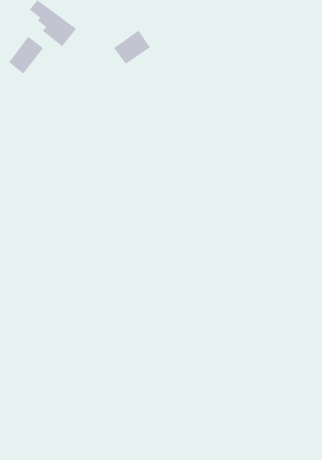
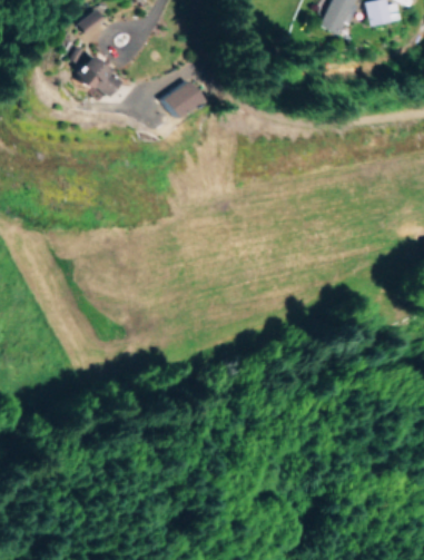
building: [9,36,44,74] -> none

